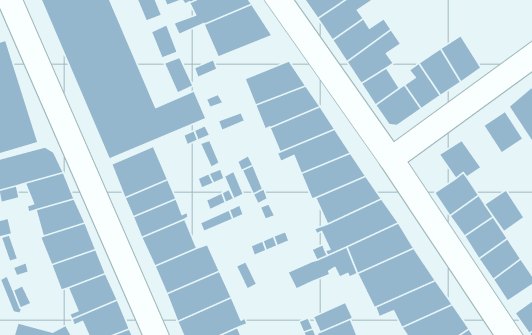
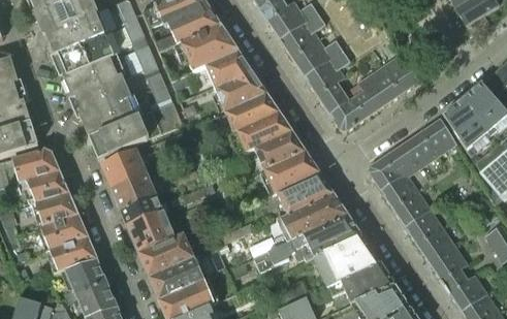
building: none -> [205,53,254,90]
building: none -> [368,155,398,188]
building: [485,190,524,232] -> [403,130,437,166]

